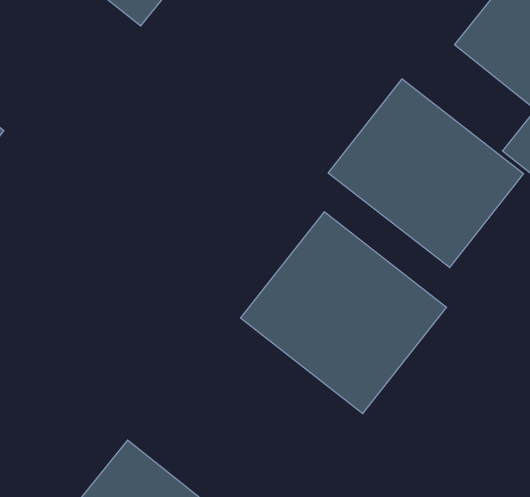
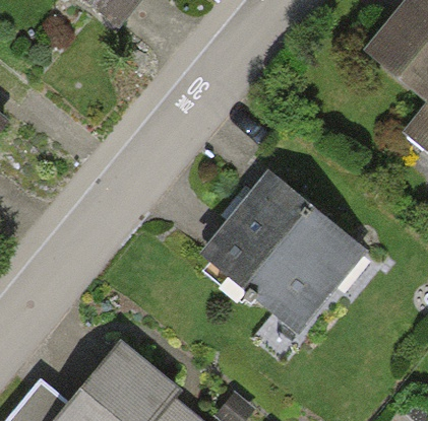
building: [328,79,523,268] -> none

